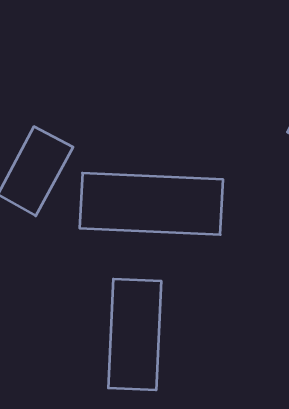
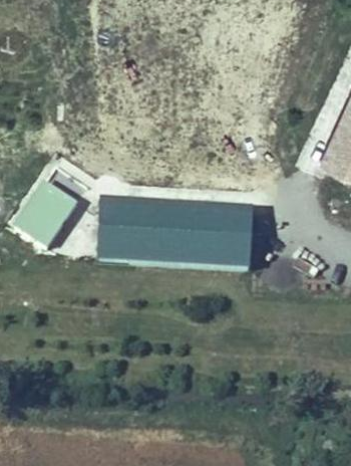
building: [108,279,161,390] -> none

